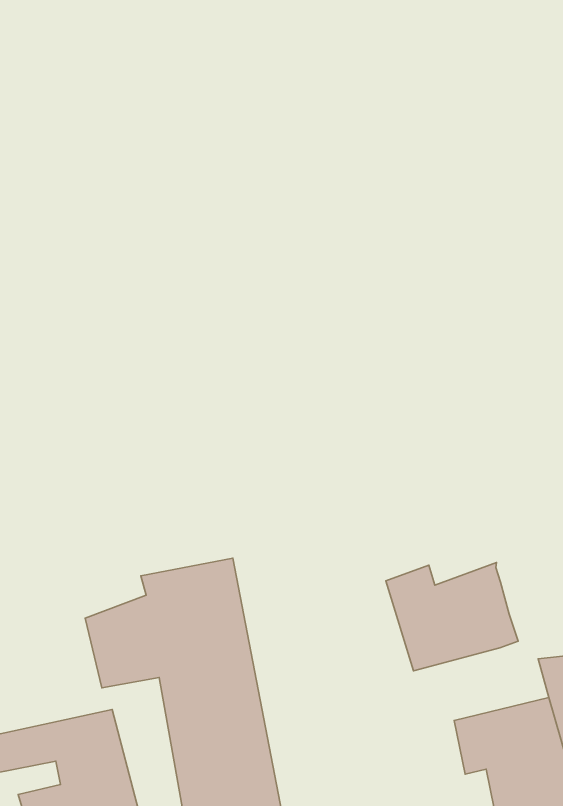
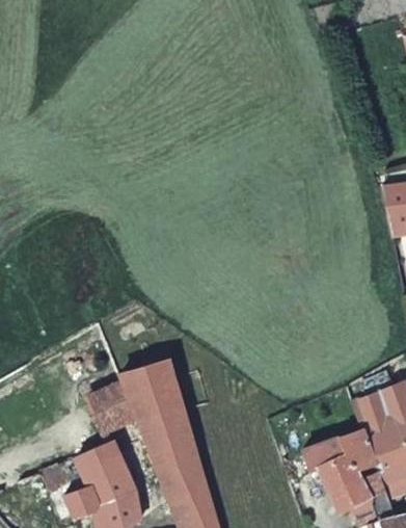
building: [386,563,518,671] -> none

